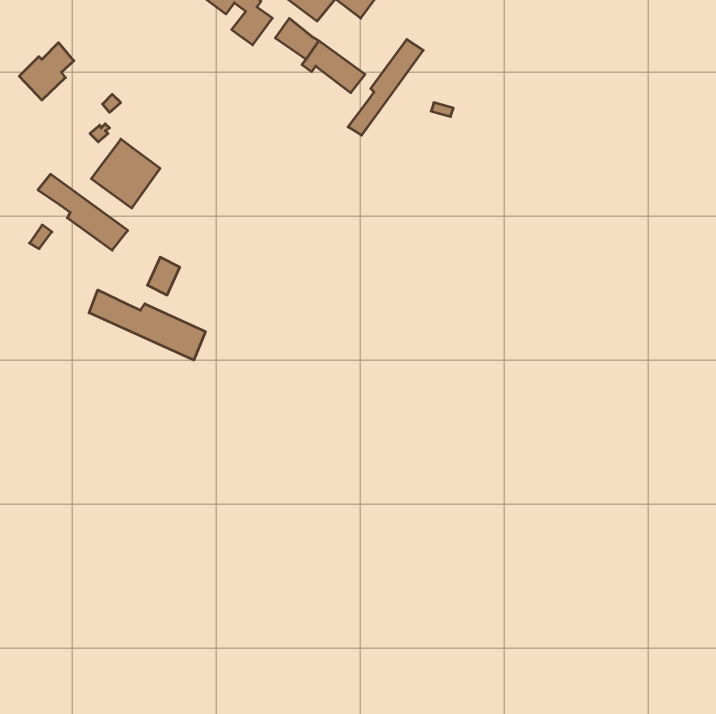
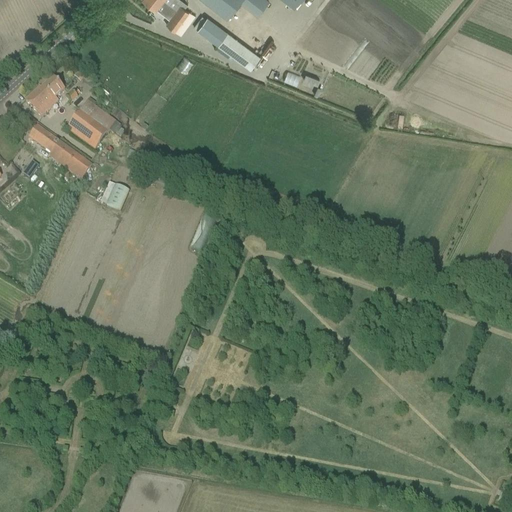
building: [348,39,423,135] -> none
building: [19,43,74,100] -> [24,75,63,116]
building: [89,290,205,360] -> none

